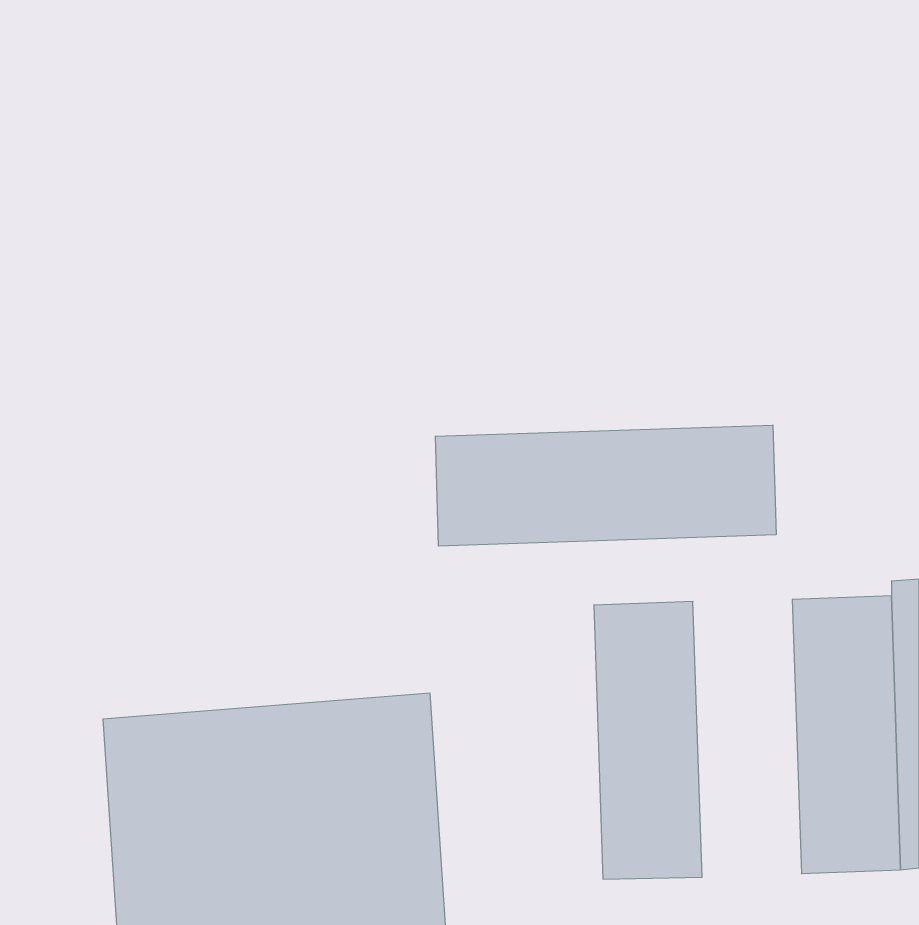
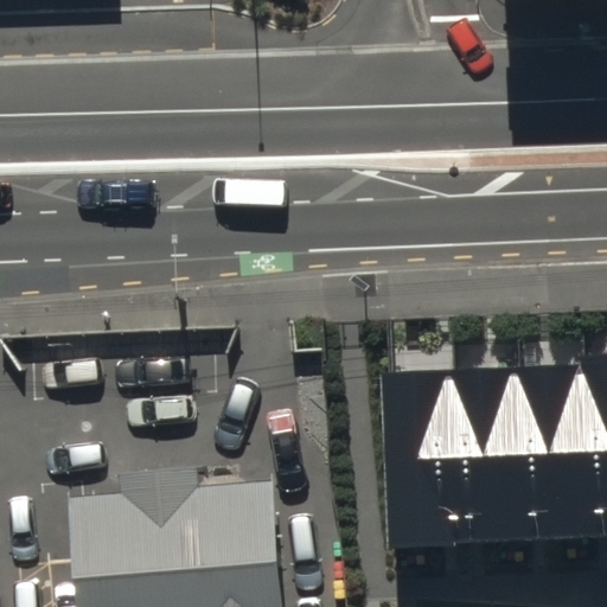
building: [435,425,776,546] -> none
building: none -> [447,396,517,575]

